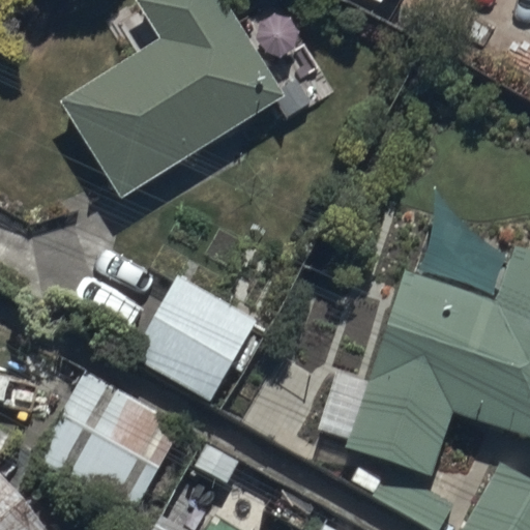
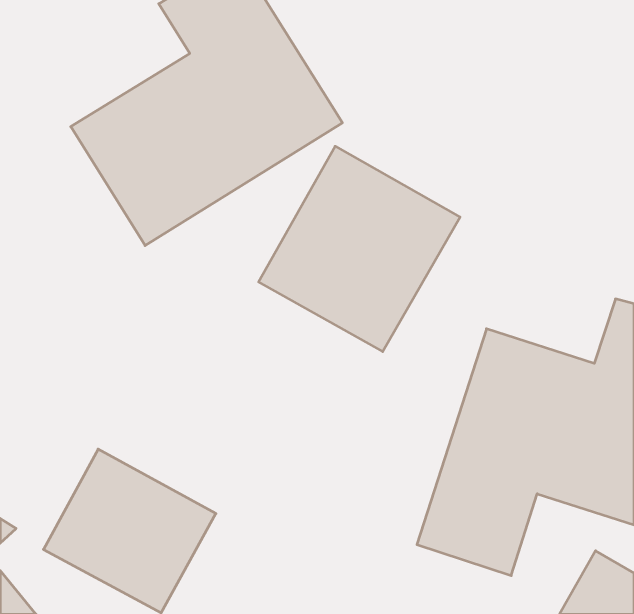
building: none -> [259,146,460,352]
building: [129,271,260,402] -> none

